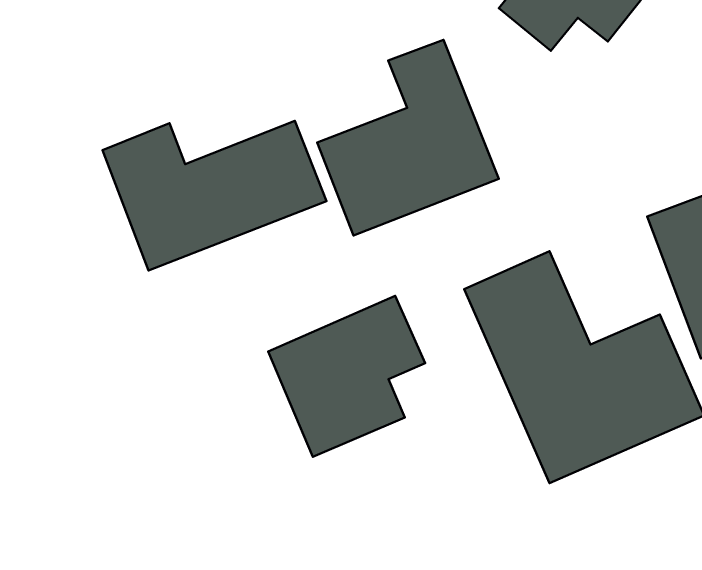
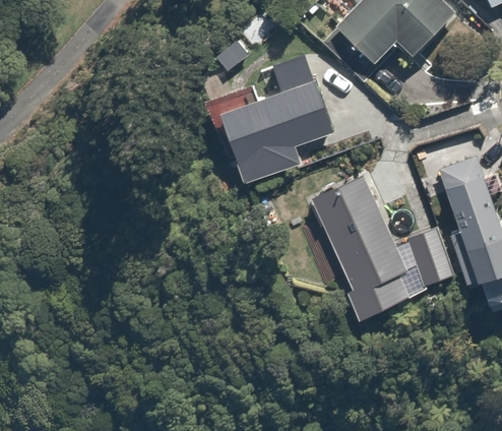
building: [103,121,326,271] -> none
building: [268,296,425,457] -> none

